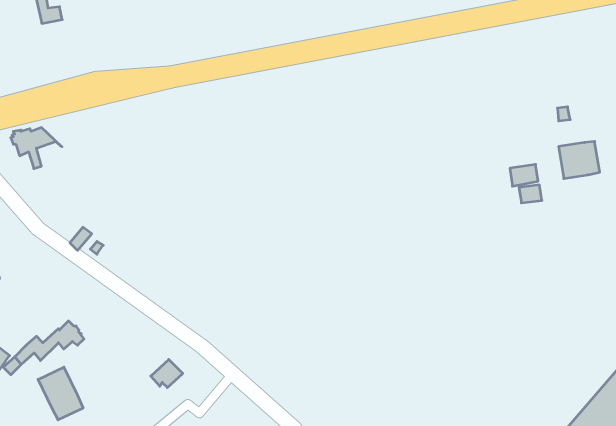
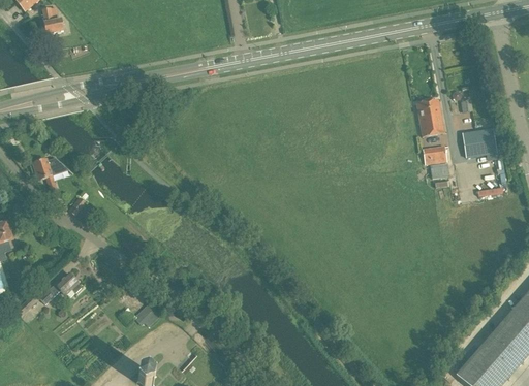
building: none -> [417,99,444,136]
building: [11,128,62,169] -> [31,158,72,191]
building: [38,367,83,420] -> none

